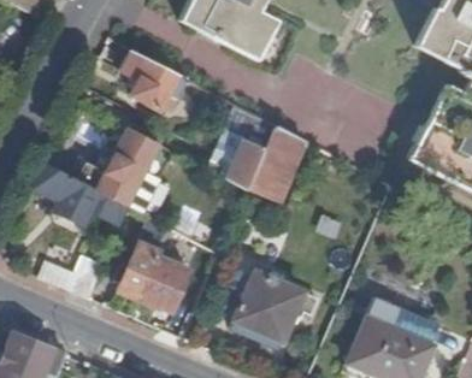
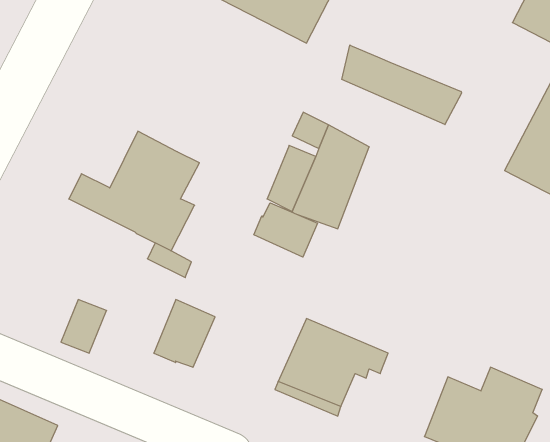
building: [119,48,187,108] -> none
building: none -> [342,45,461,125]
building: [31,163,126,225] -> none
building: none -> [254,203,317,257]
building: [117,241,159,297] -> none

